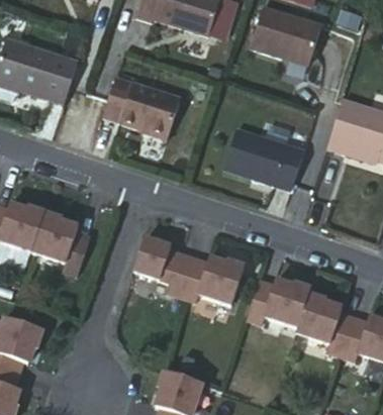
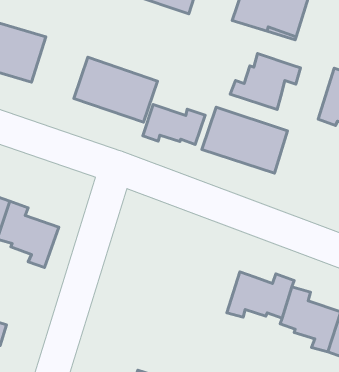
building: none -> [230,54,301,110]
building: none -> [143,105,205,144]
building: [134,237,245,302] -> none

